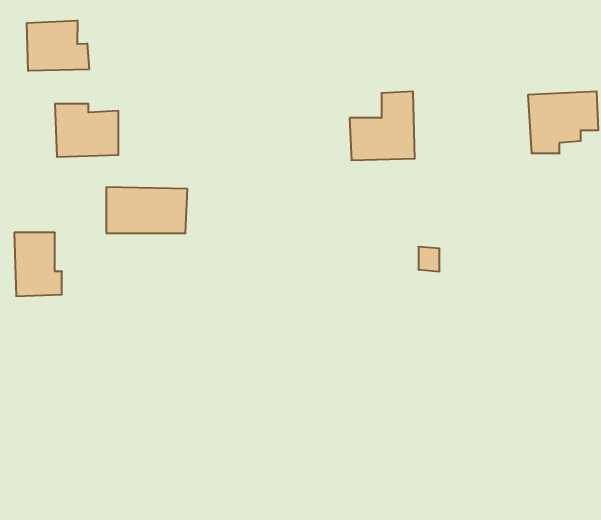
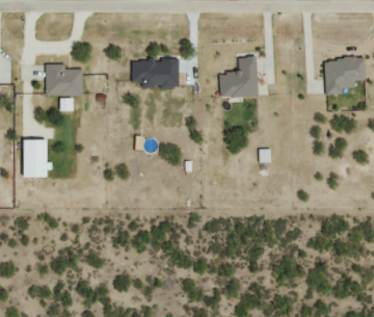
building: [27,20,89,71] -> none
building: [106,187,187,233] -> [132,59,180,86]

